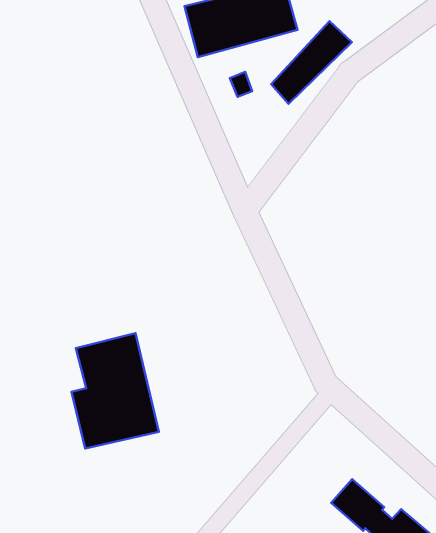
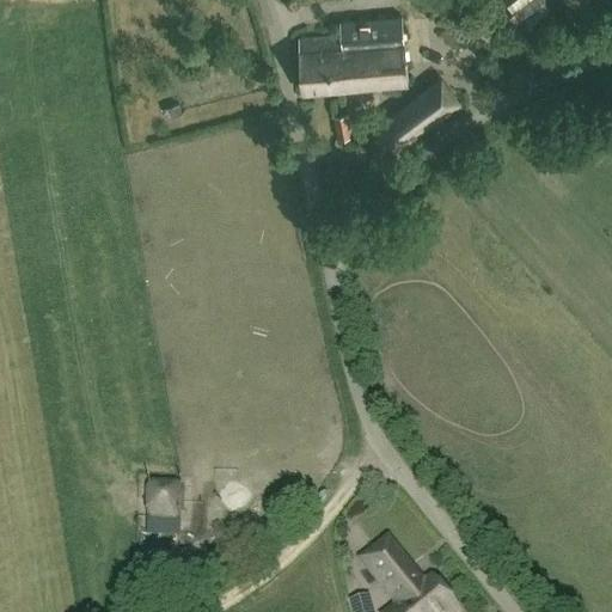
building: [71,333,159,449] -> none
building: none -> [146,485,182,521]

